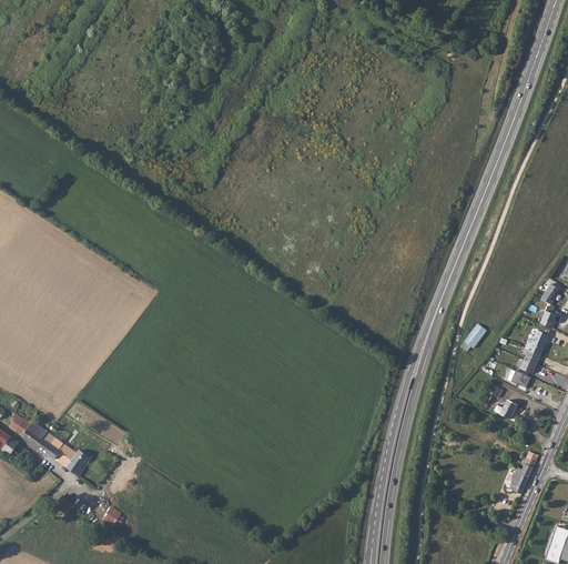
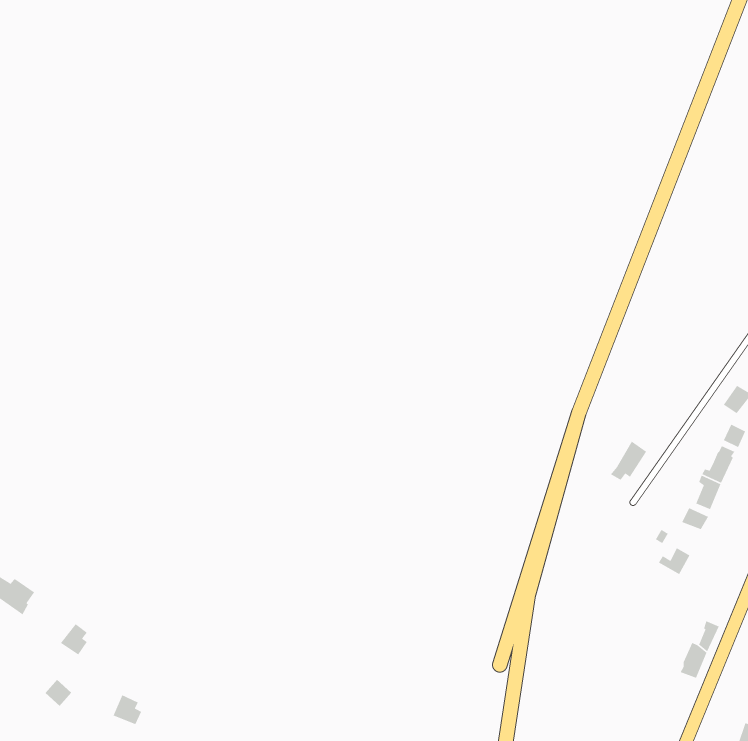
building: [39,433,77,467] -> none

